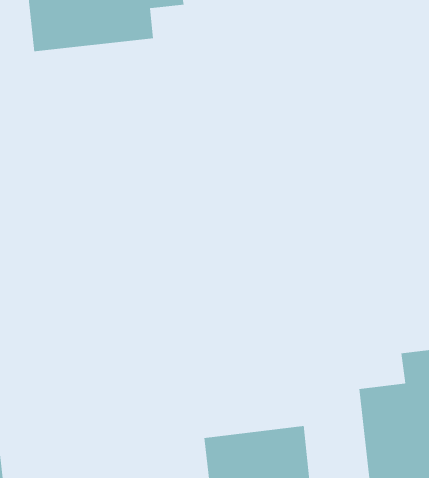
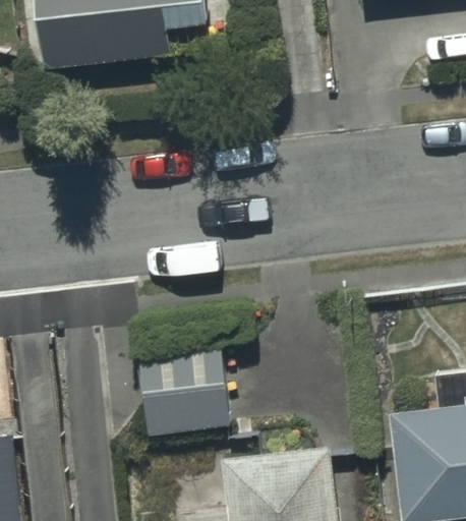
building: none -> [140,336,230,428]

